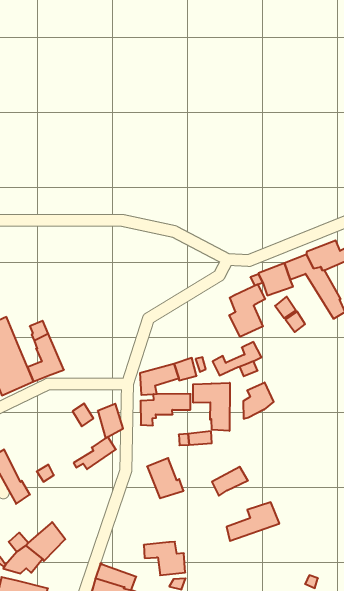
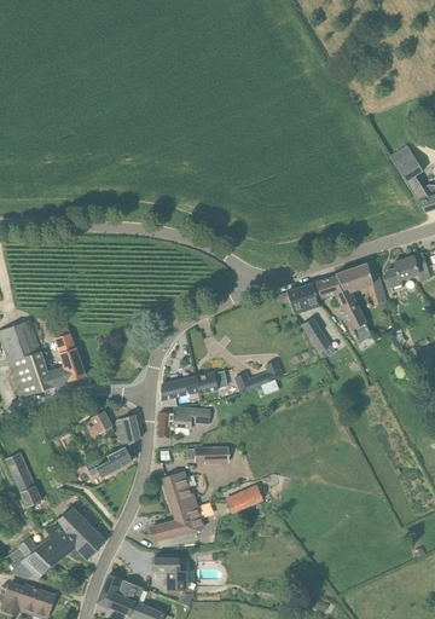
building: [229,284,265,337] -> none
building: [244,382,274,419] -> none
building: [193,383,230,431] -> none
building: none -> [59,507,105,560]
building: [227,502,279,541] -> [151,505,204,542]

